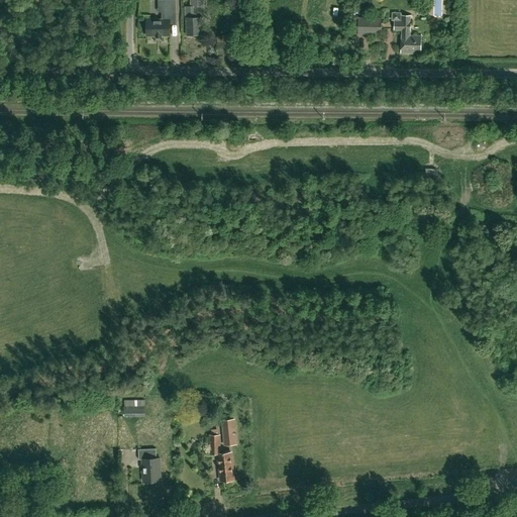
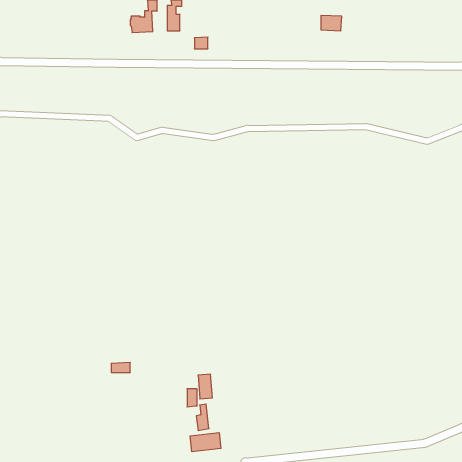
building: [392,13,421,53] -> none
building: [138,448,161,482] -> none
building: none -> [190,433,221,452]

